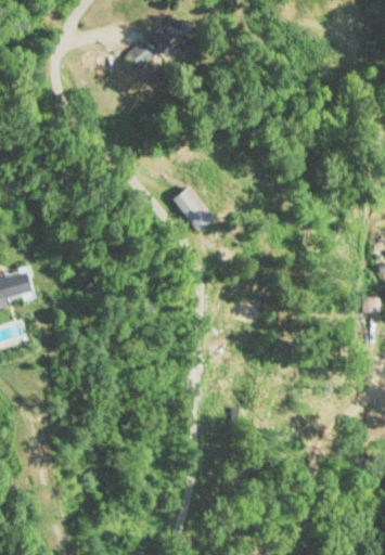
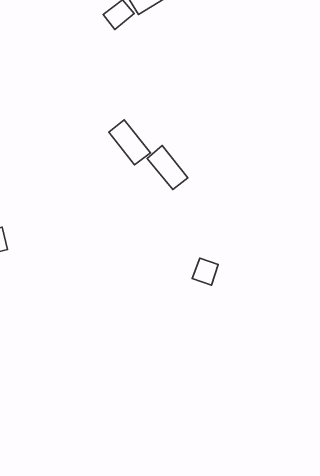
building: none -> [109,120,150,165]

